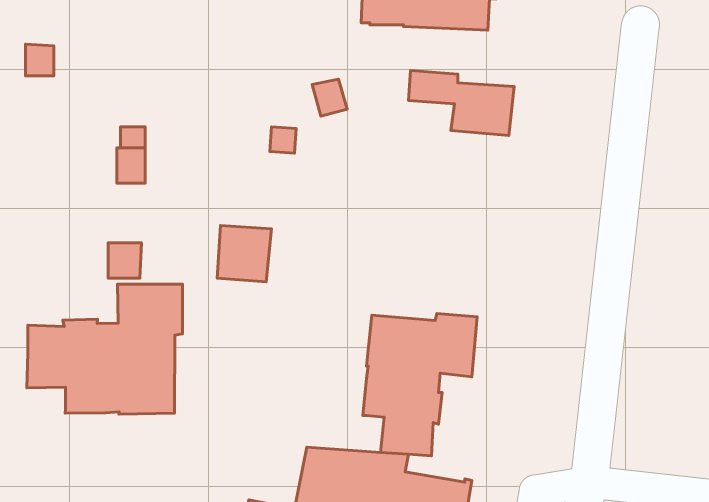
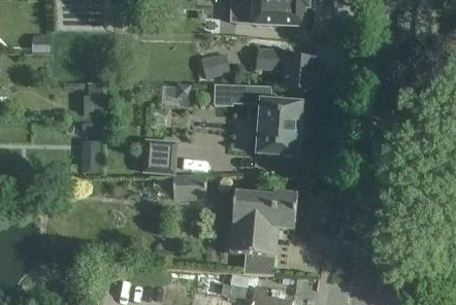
building: none -> [232,82,302,156]
building: none -> [172,174,204,199]
building: [27,284,183,414] -> none

